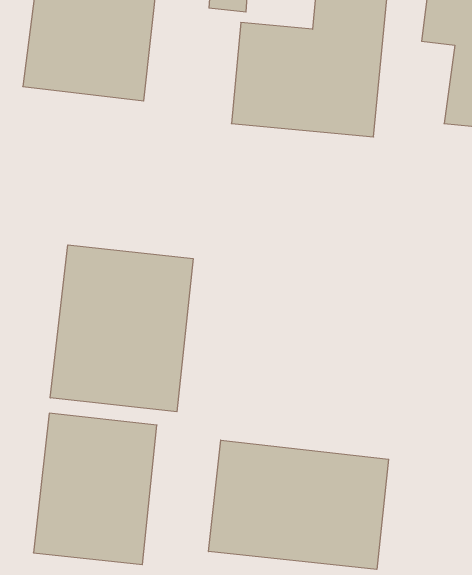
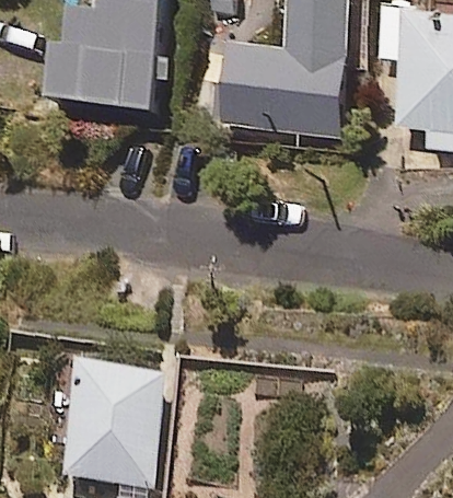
building: [50,245,193,412] -> none
building: [209,440,389,569] -> none

